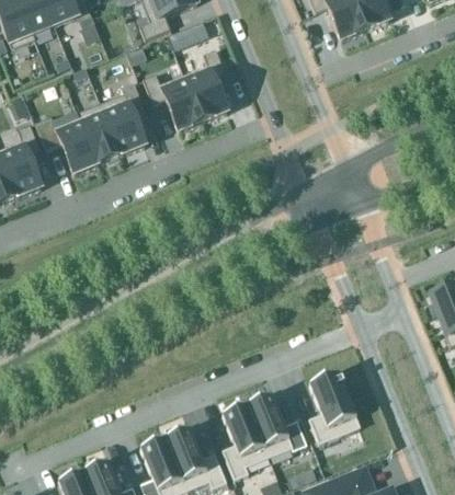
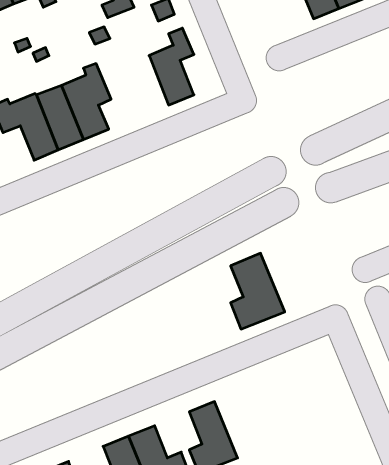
building: [143,72,202,130] -> none
building: [308,370,360,442] -> [231,253,285,329]
building: [246,393,306,457] -> none

